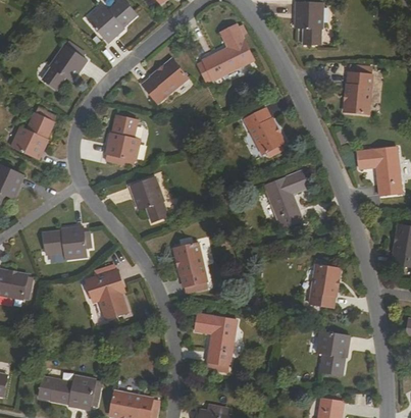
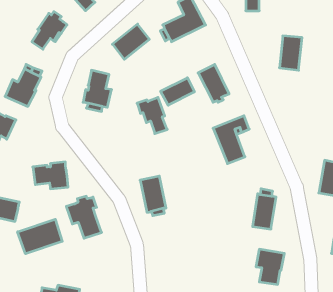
building: none -> [161,78,194,105]
building: [356,147,402,196] -> none
building: [130,177,166,221] -> [137,97,167,134]
building: none -> [18,219,62,254]
building: [194,314,237,372] -> none

